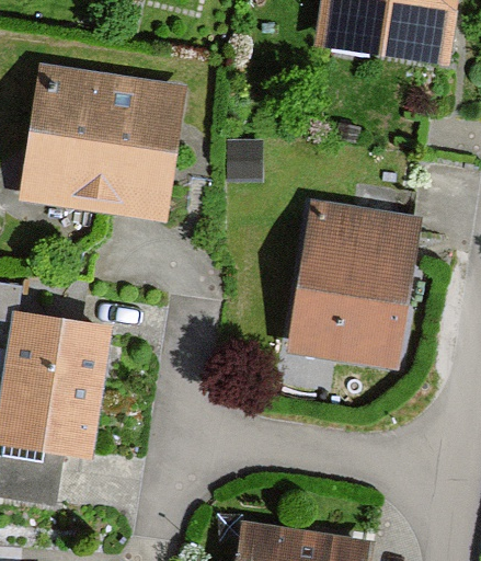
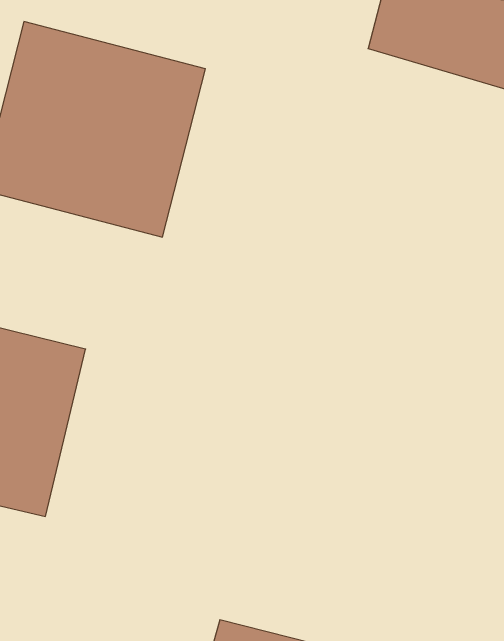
building: [288,201,425,367] -> none

